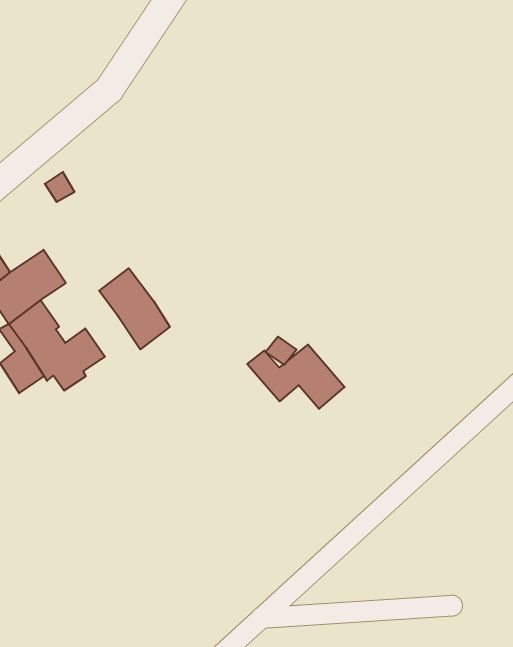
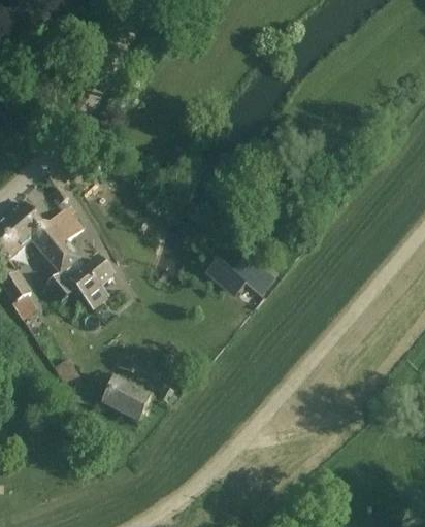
building: [99,268,170,349] -> none
building: none -> [101,377,153,424]

